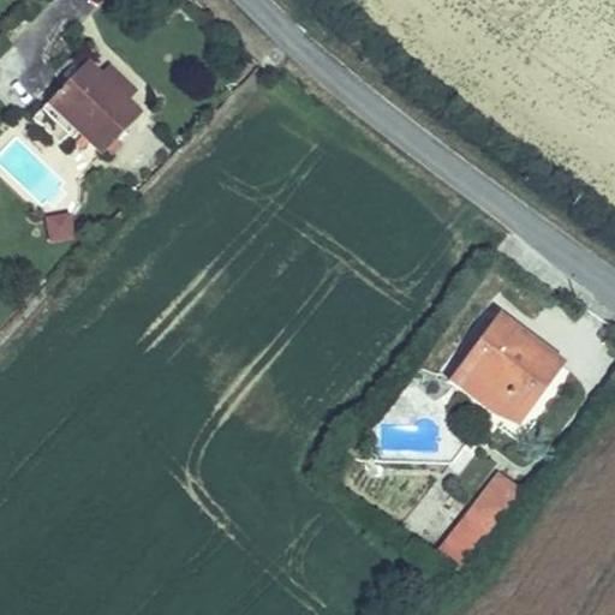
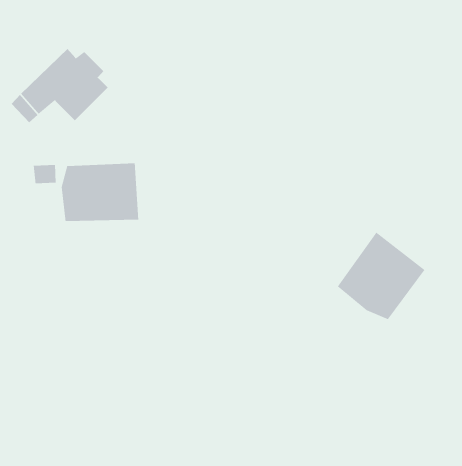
building: none -> [61,163,139,222]
building: [435,465,521,563] -> none

